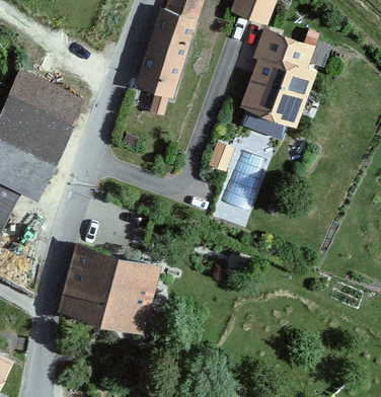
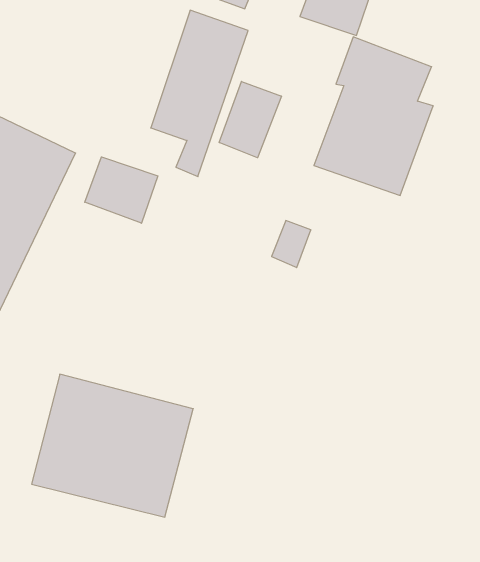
building: none -> [219,81,281,158]
building: none -> [85,157,158,223]

